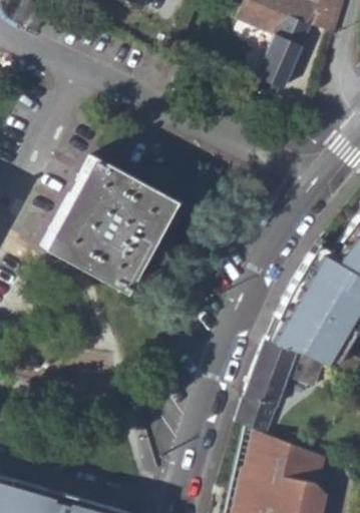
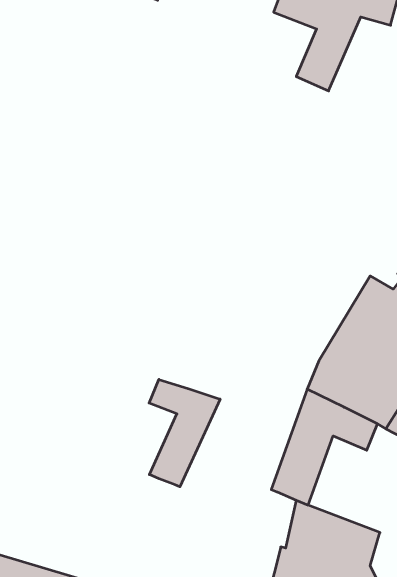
building: [43,157,172,293] -> none
building: none -> [149,379,220,487]

